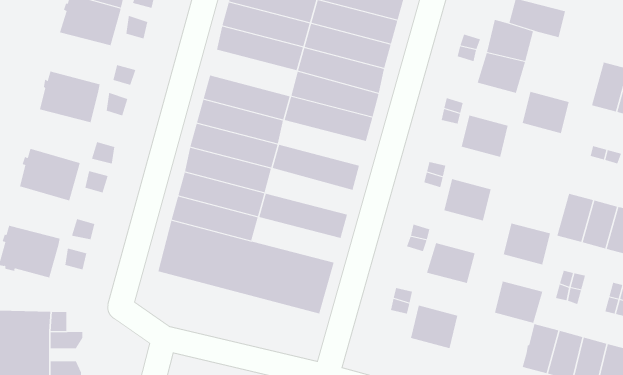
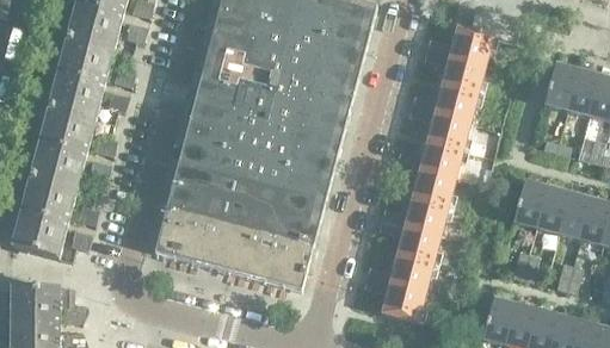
building: none -> [58,37,113,83]
building: none -> [202,52,281,94]
building: [522,91,570,134] -> [435,82,477,120]
building: none -> [41,106,95,154]
building: none -> [264,116,343,156]
building: none -> [419,139,463,178]
building: none -> [252,159,331,200]
building: none -> [21,175,76,222]
building: none -> [240,203,320,243]
building: [503,223,551,265] -> [405,197,448,235]
building: [494,281,543,323] -> [389,253,433,291]

